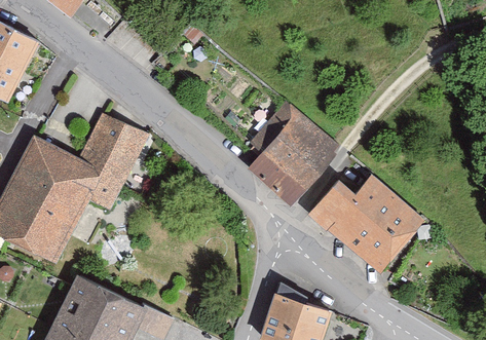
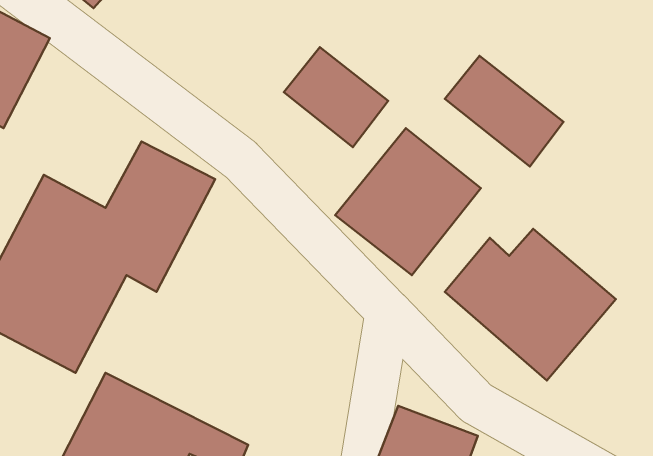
building: none -> [284,47,388,147]
building: none -> [445,56,564,166]

